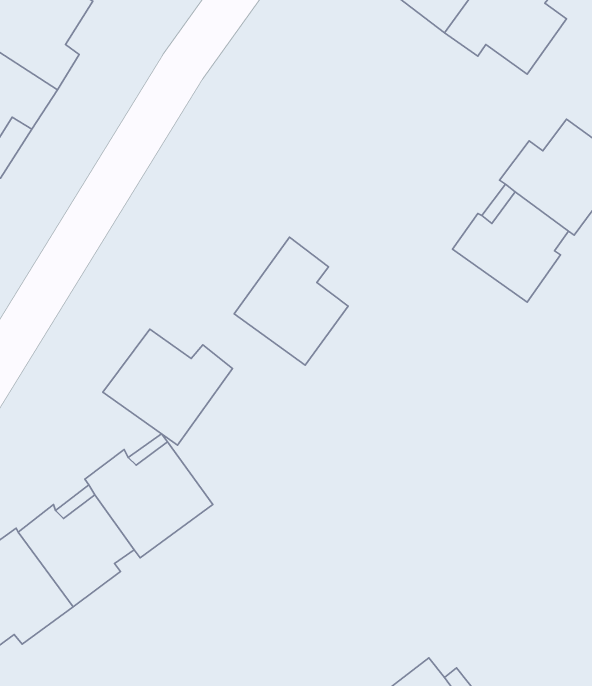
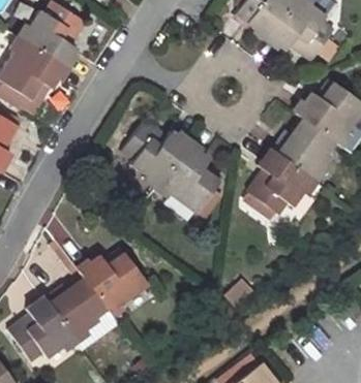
building: none -> [250,149,312,214]
building: [103,329,232,445] -> [119,123,187,184]

